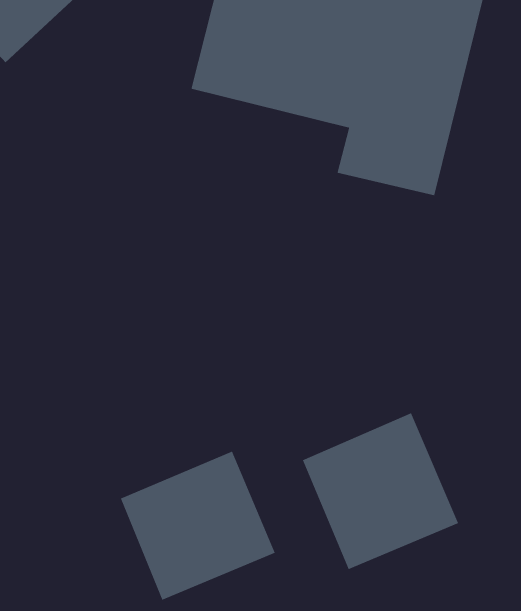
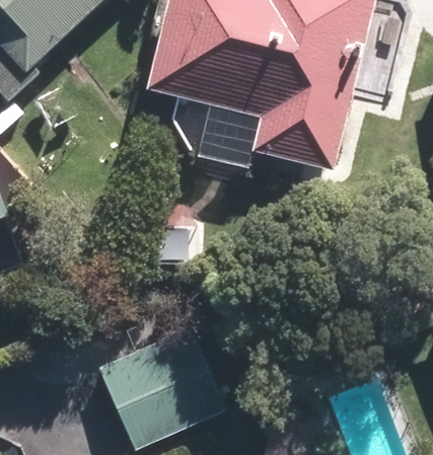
building: [302,412,459,570] -> none

